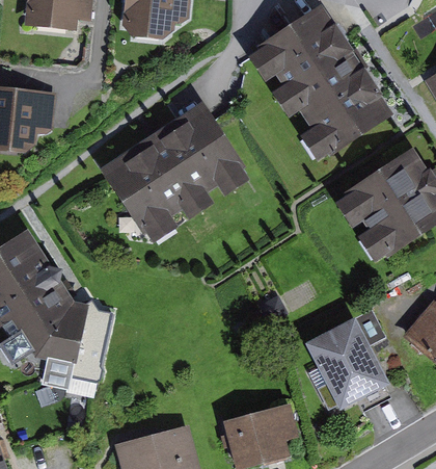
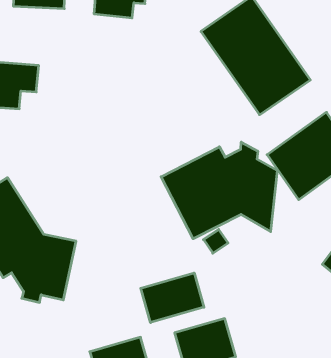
building: [104,101,251,239] -> none
building: none -> [161,142,277,239]
building: [308,317,392,408] -> none
building: none -> [141,273,204,323]

